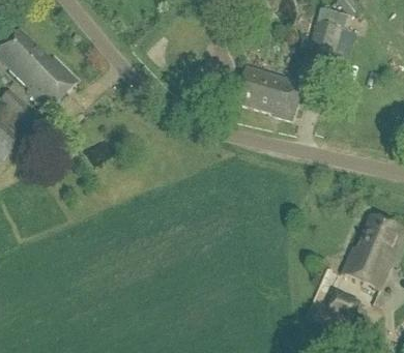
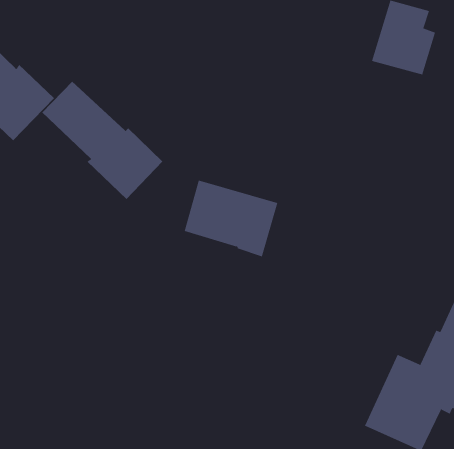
building: [235,65,304,121] -> [184,180,278,257]
building: none -> [42,81,163,200]

